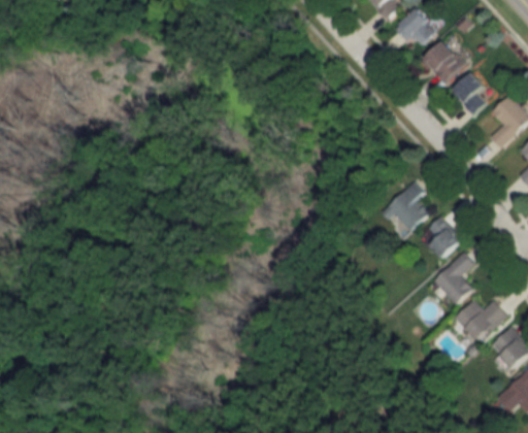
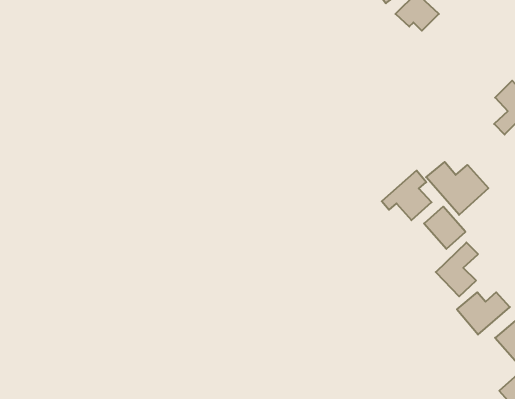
building: [422,40,464,82] -> none
building: [452,71,486,112] -> none
building: none -> [426,162,488,215]

